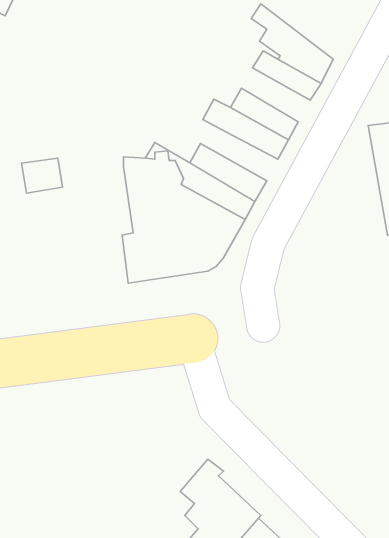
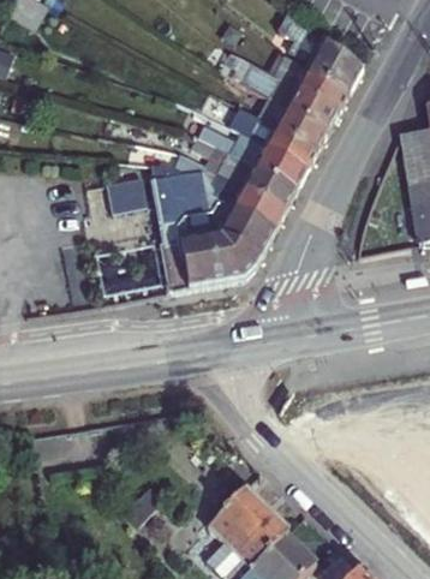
building: none -> [243,62,339,132]
building: none -> [202,127,306,191]
building: [22,158,63,193] -> [108,178,149,213]

